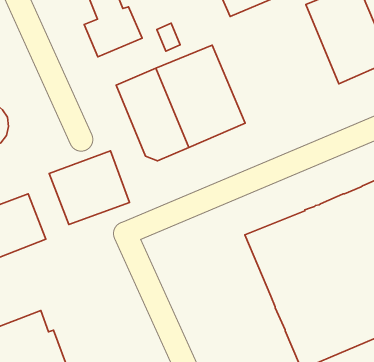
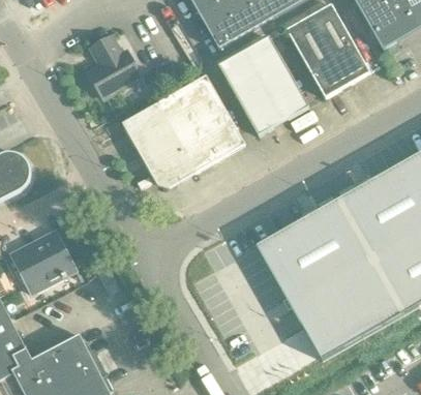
building: none -> [218,35,309,133]
building: [49,151,129,225] -> none

